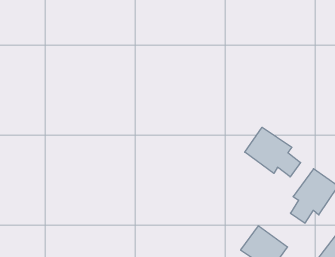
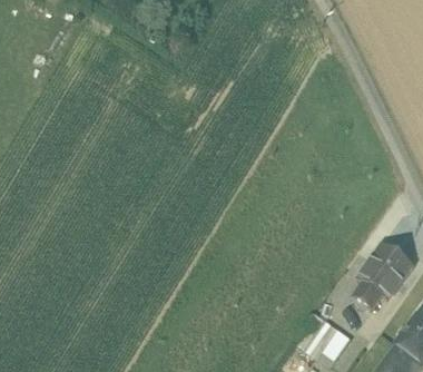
building: [245,127,301,177] -> none

